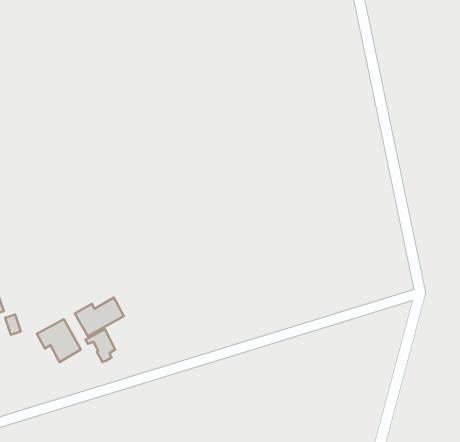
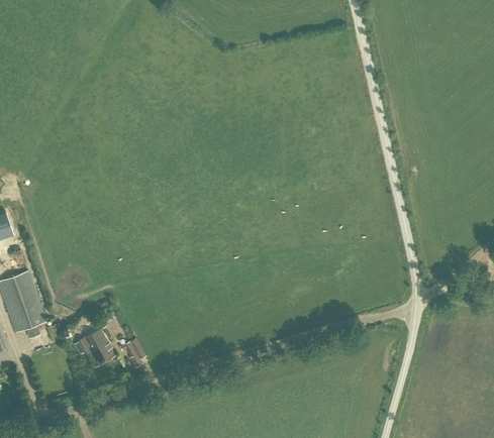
building: [75,298,124,336] -> none

